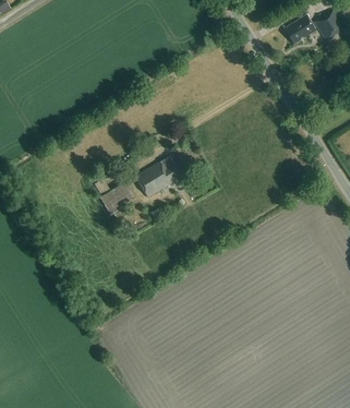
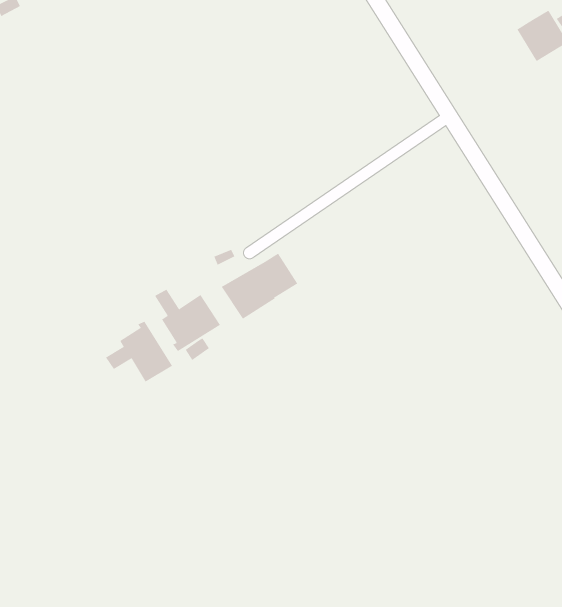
building: [283,14,316,44] -> none
building: none -> [105,321,173,383]

